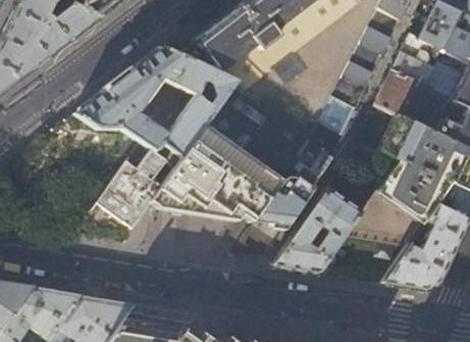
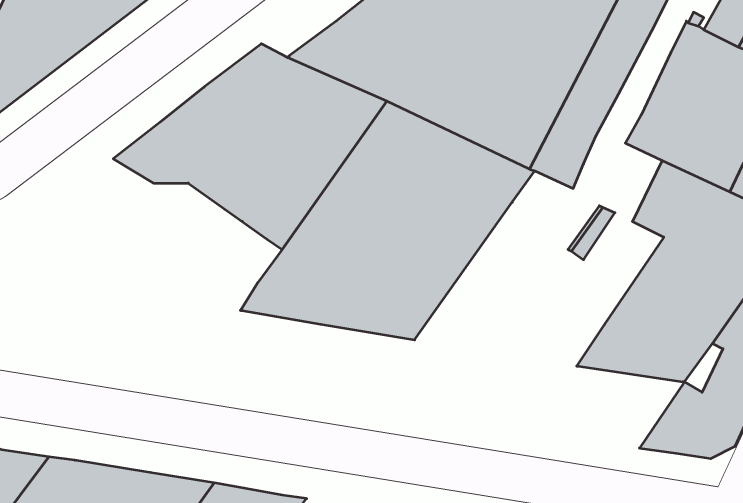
building: [251,139,333,225] -> none
building: [76,150,164,240] -> none
building: [272,182,362,272] -> none

